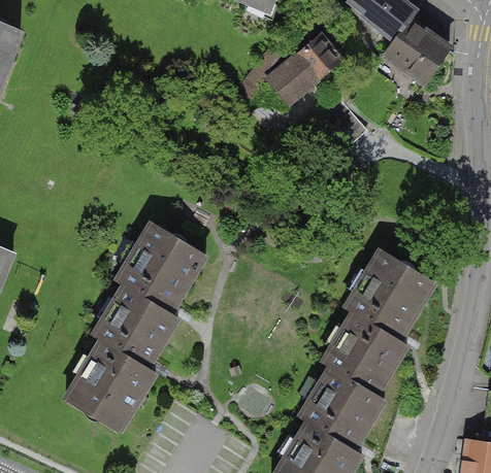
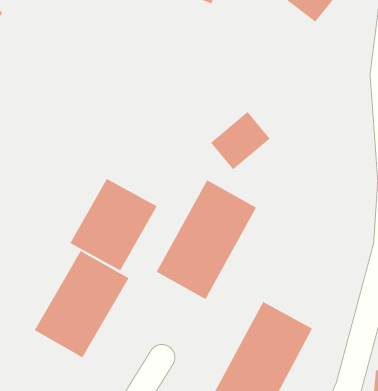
building: [383,18,450,85] -> none
building: [265,40,336,109] -> [210,111,271,170]
building: [320,246,438,387] -> [156,179,257,300]

